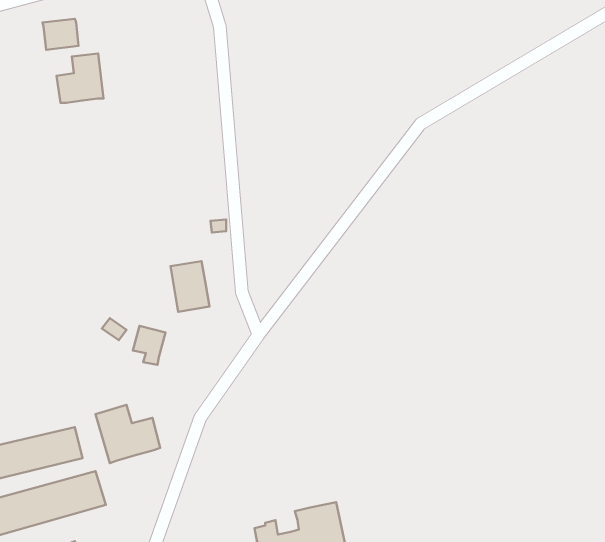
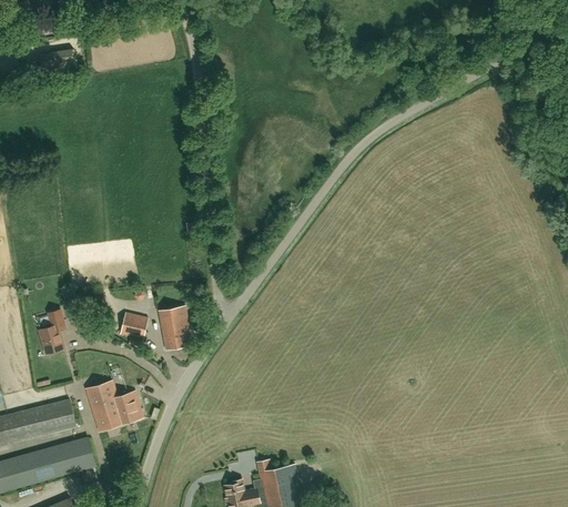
building: [56,53,104,103] -> none
building: [171,261,209,312] -> [158,306,191,349]
building: none -> [39,310,65,354]

